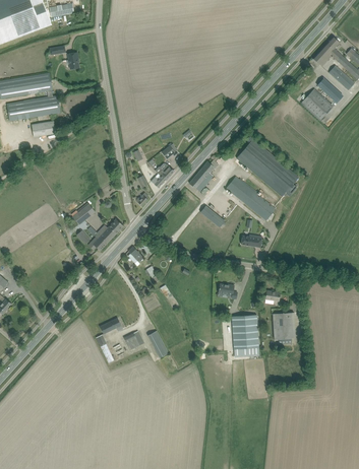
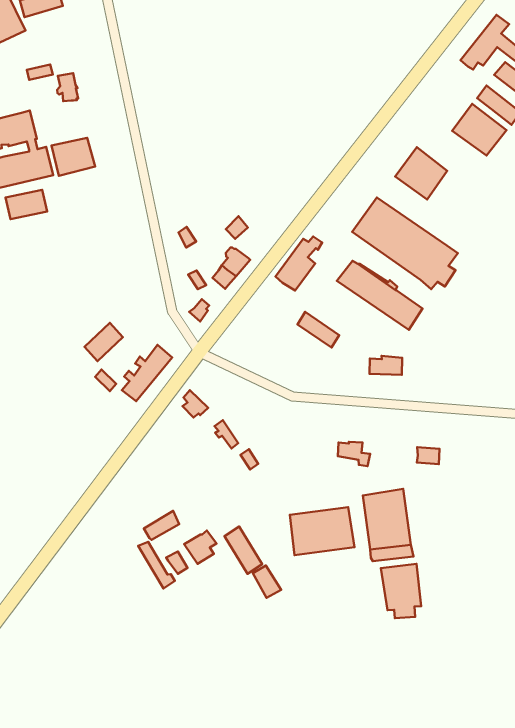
building: none -> [52,138,95,176]
building: none -> [395,147,447,200]
building: [272,313,294,344] -> [381,564,421,618]
building: none -> [290,507,354,555]

